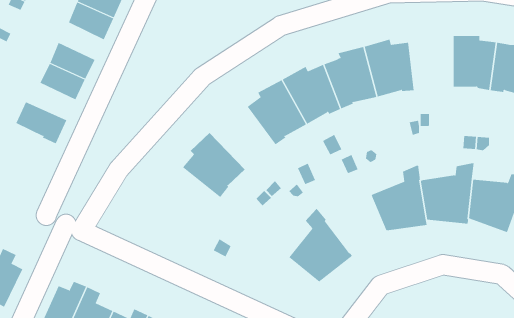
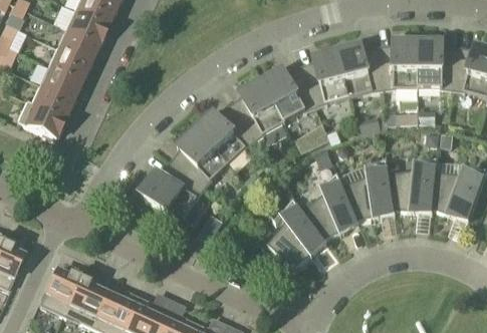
building: none -> [57,28,99,62]
building: none -> [379,39,419,90]
building: none -> [27,83,73,117]
building: none -> [196,105,256,162]
building: none -> [142,160,206,218]
building: none -> [302,172,359,239]

